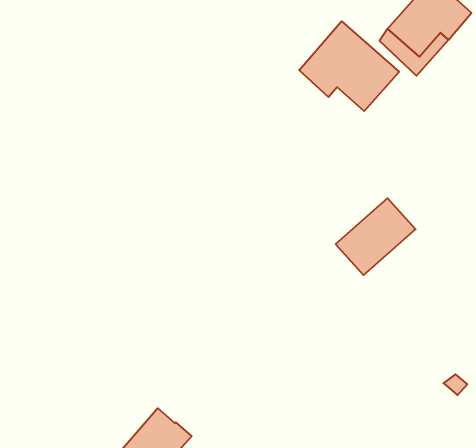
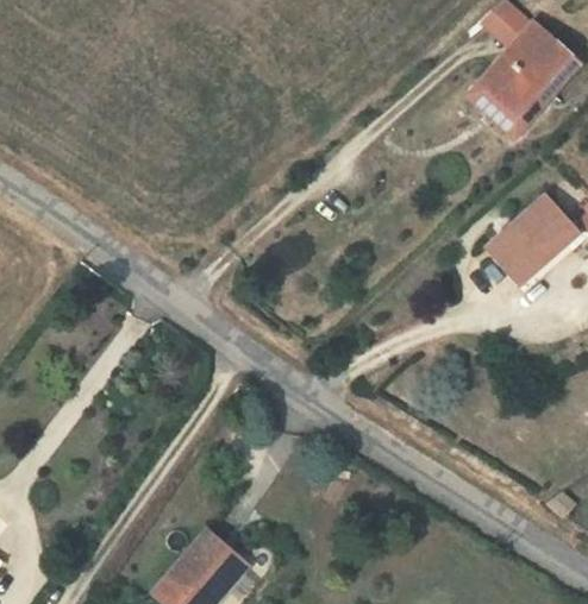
building: [299,21,399,111] -> none
building: [336,198,416,275] -> [483,193,578,284]

